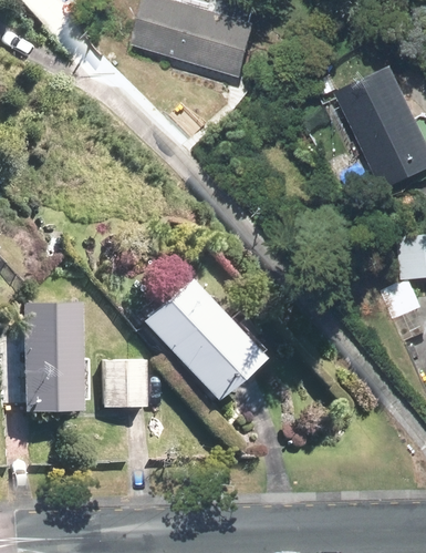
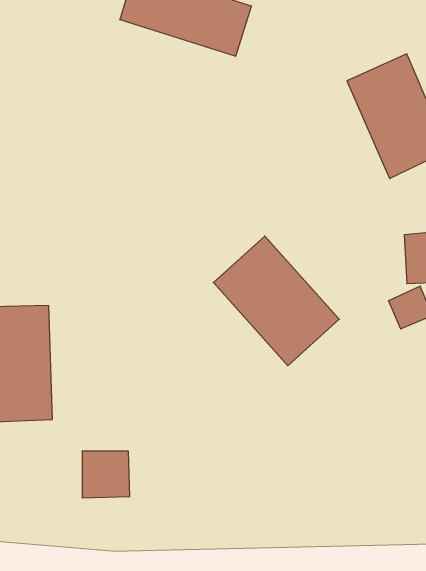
building: [146,280,260,398] -> [213,236,339,366]
building: [102,362,145,404] -> [82,451,130,498]

